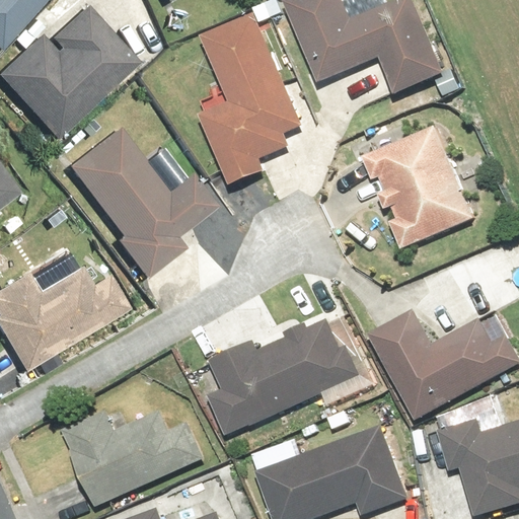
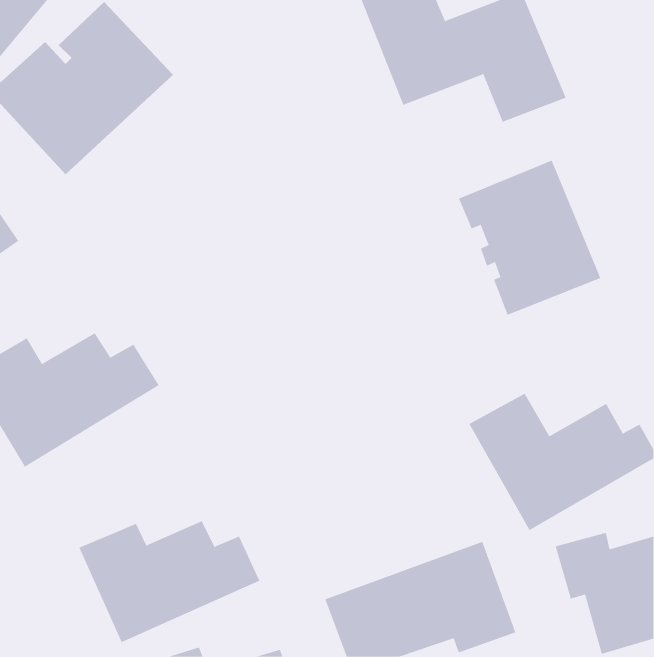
building: [200,13,302,190] -> none
building: [62,126,213,278] -> none
building: [209,319,360,434] -> none

